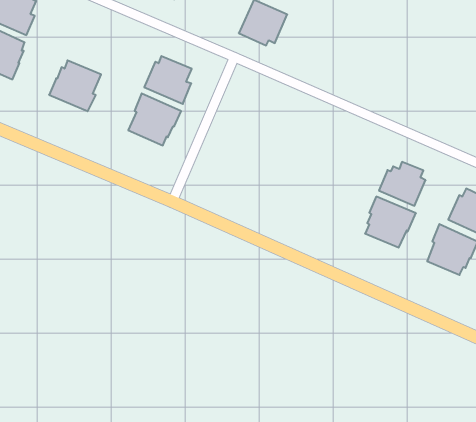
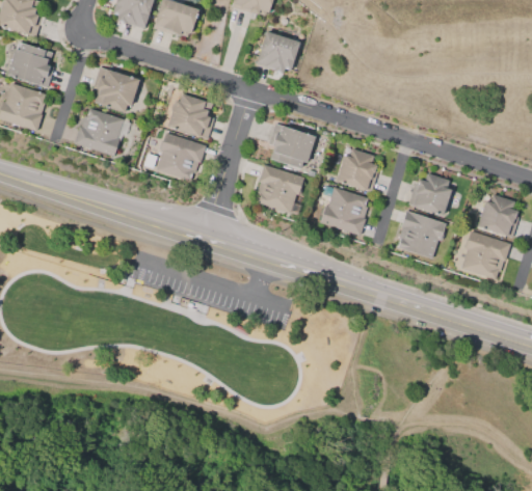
building: none -> [92,66,141,112]
building: none -> [268,124,316,169]
building: none -> [337,149,378,192]
building: none -> [256,164,303,213]
building: none -> [320,188,368,236]

